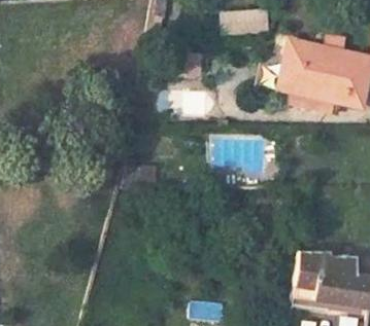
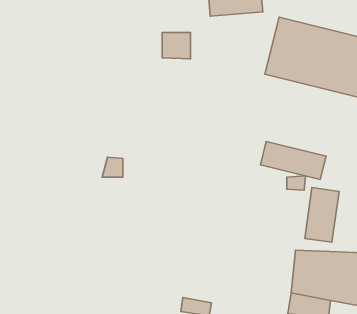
building: none -> [260,141,326,180]
building: none -> [305,188,339,242]

